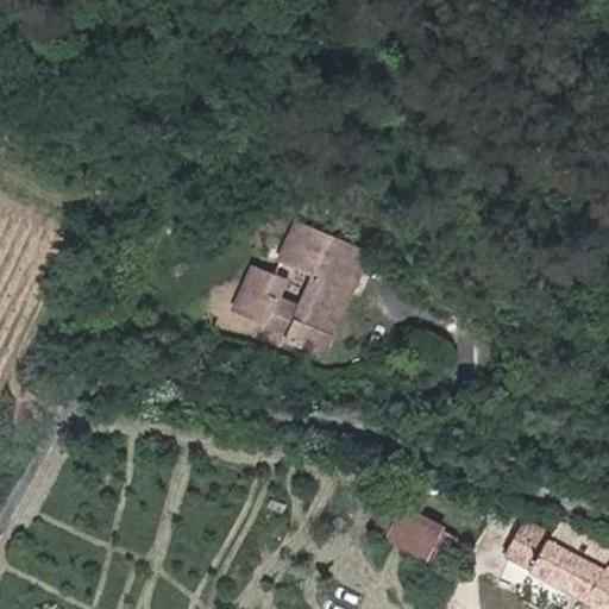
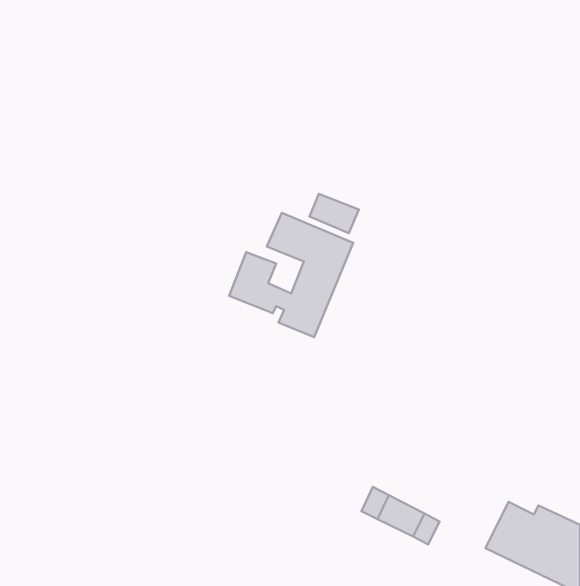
building: none -> [310,194,359,233]

